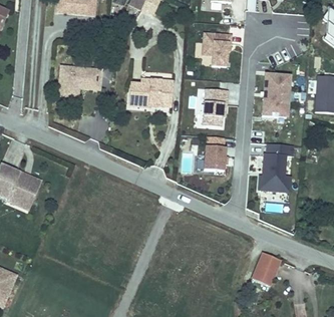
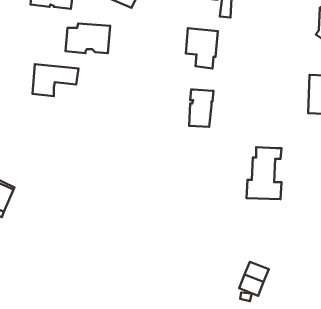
building: [263,73,289,116] -> none
building: [129,80,172,108] -> [65,24,110,53]
building: [206,146,228,171] -> none

